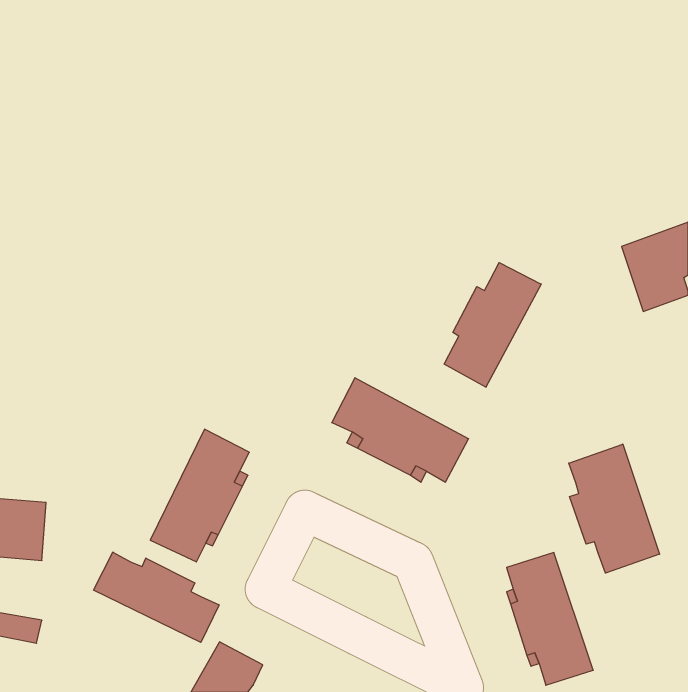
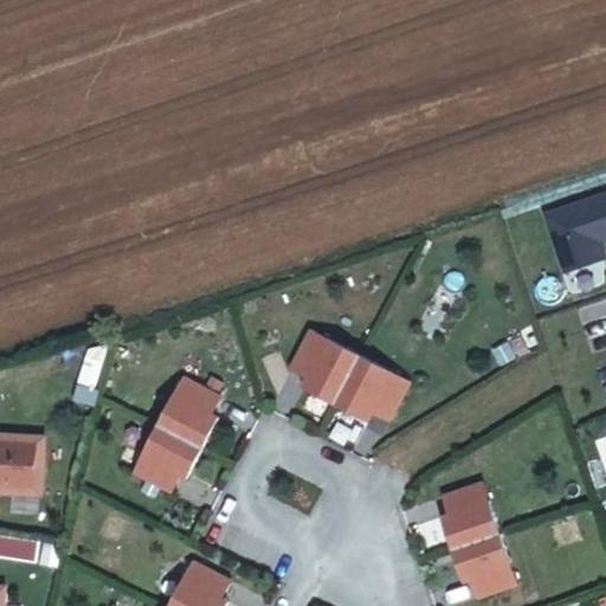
building: [444,263,541,387] -> none
building: [569,444,660,573] -> none
building: [94,552,219,642] -> none

